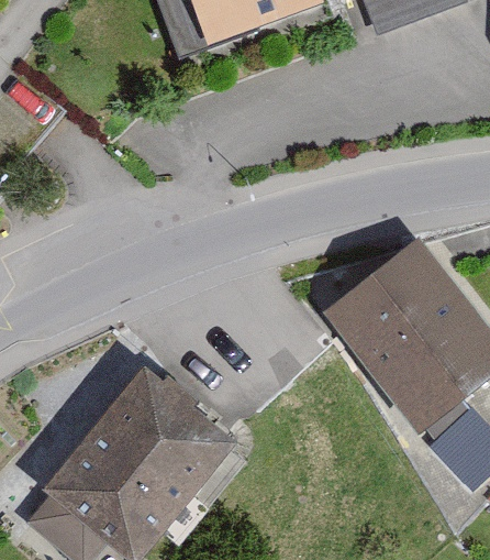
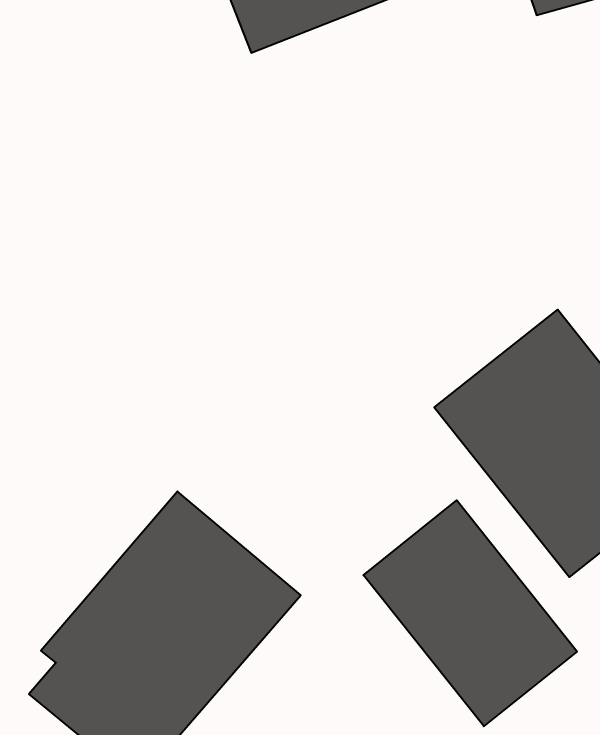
building: none -> [363,500,577,726]

